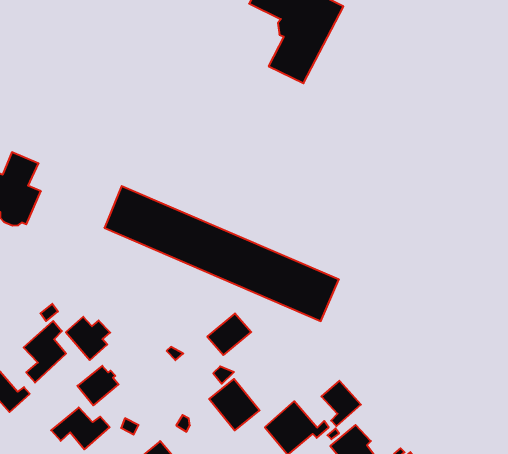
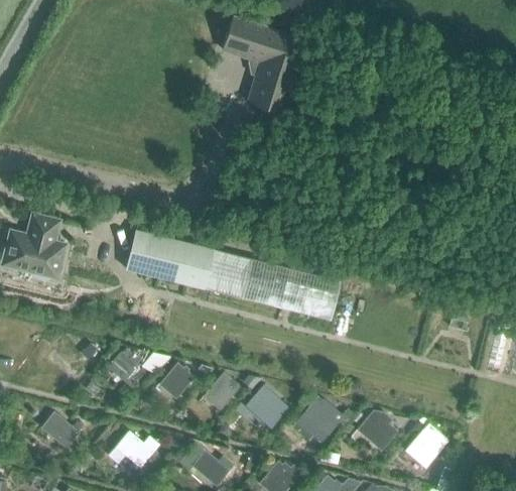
building: [207,313,251,355] -> [203,372,241,410]
building: [24,321,66,383] -> none
building: [77,366,119,405] -> [158,363,195,399]
building: [321,381,361,426] -> none

